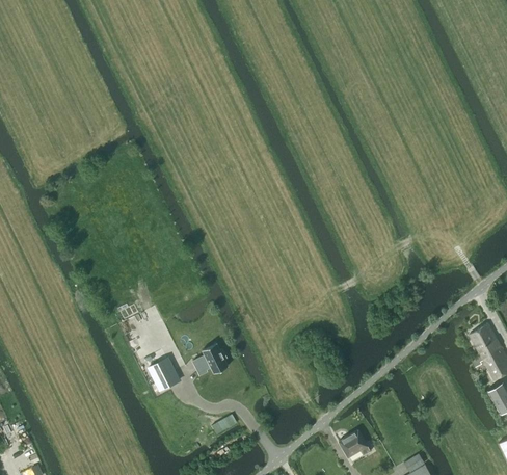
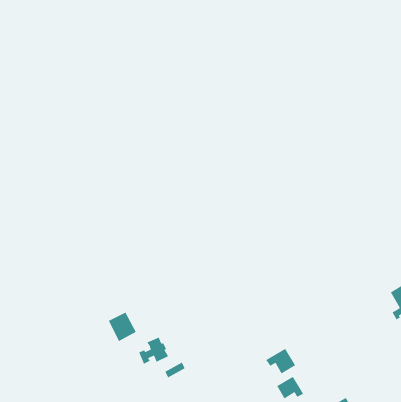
building: [193,343,229,375] -> [138,337,169,365]
building: none -> [265,348,296,374]

